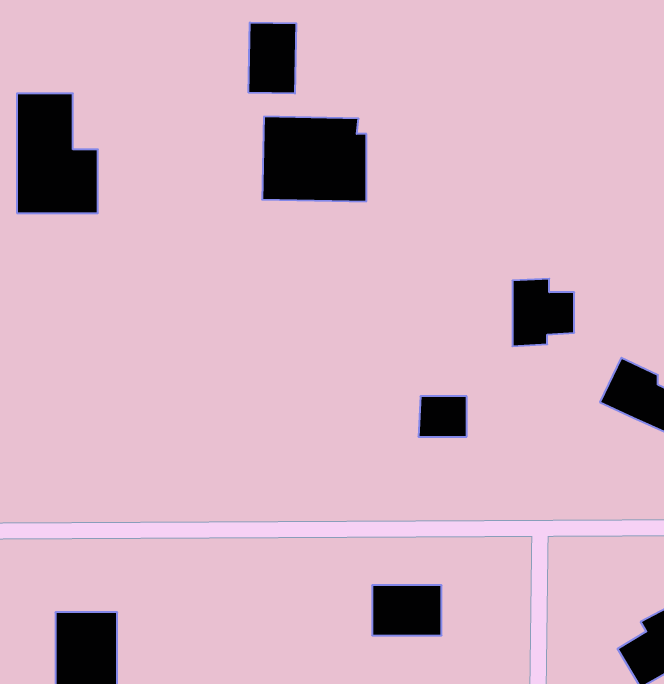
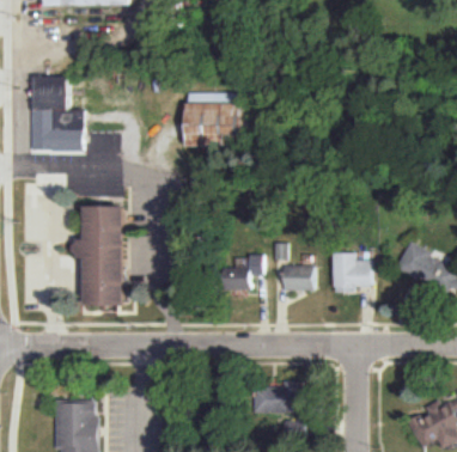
building: [249,22,296,94] -> none
building: [512,279,574,346] -> [330,251,368,293]
building: none -> [73,207,127,306]
building: none -> [220,255,262,289]

